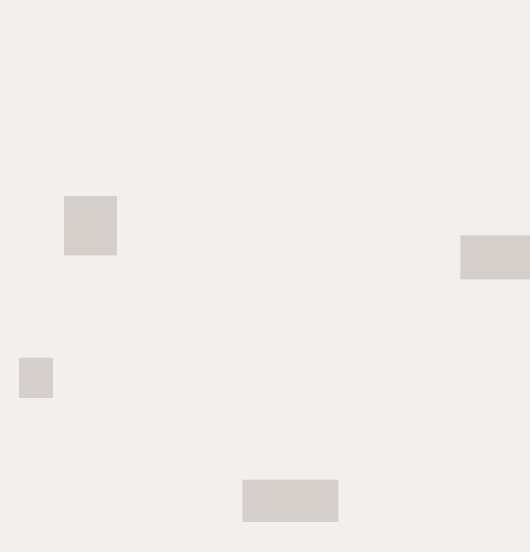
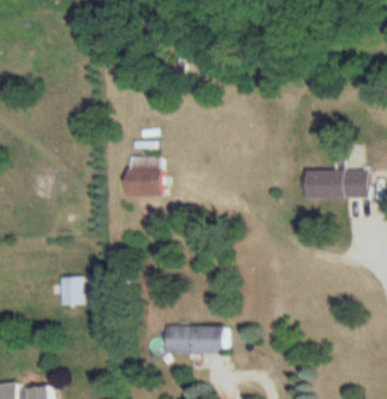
building: [63,196,118,256] -> [126,156,161,195]
building: [18,357,54,398] -> [60,278,83,304]

